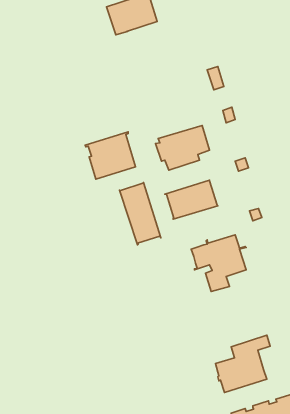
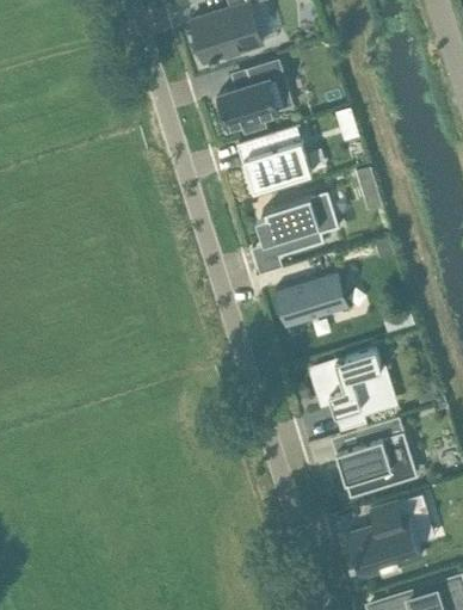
building: none -> [214,60,292,128]
building: [85,132,136,179] -> [236,124,309,192]
building: [119,183,161,245] -> none
building: none -> [335,418,408,499]

